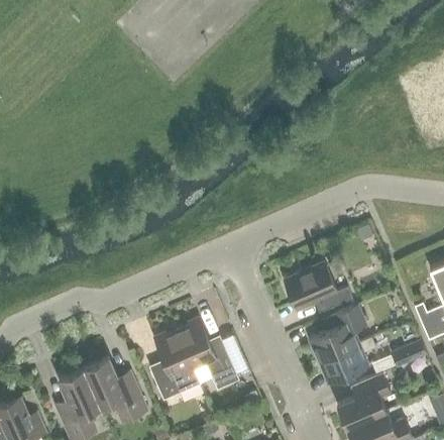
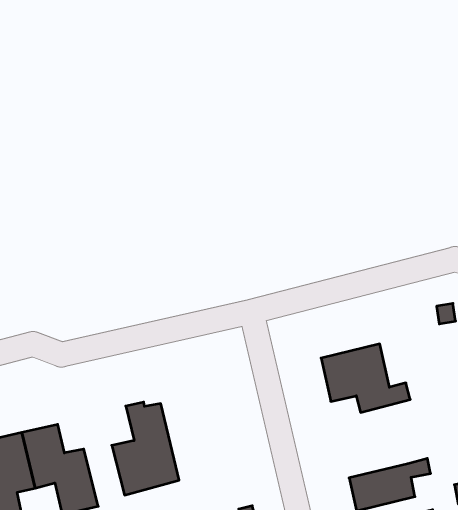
building: [309,304,365,360] -> none
building: [178,318,238,389] -> none

